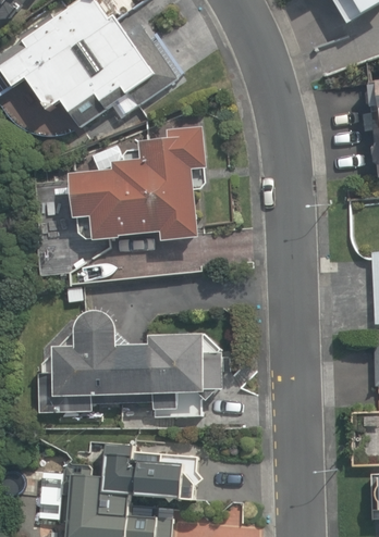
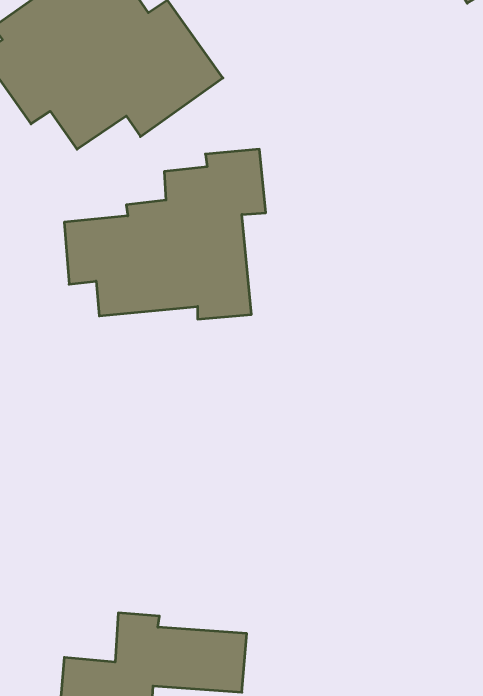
building: [36,325,224,413] -> none

